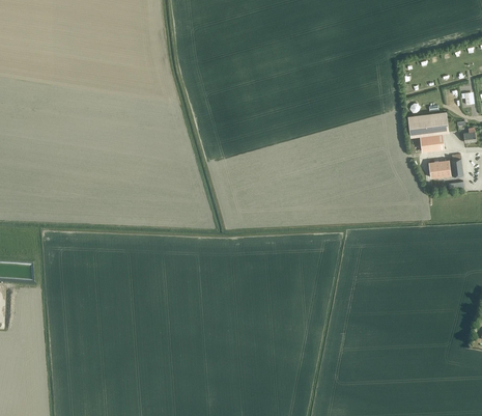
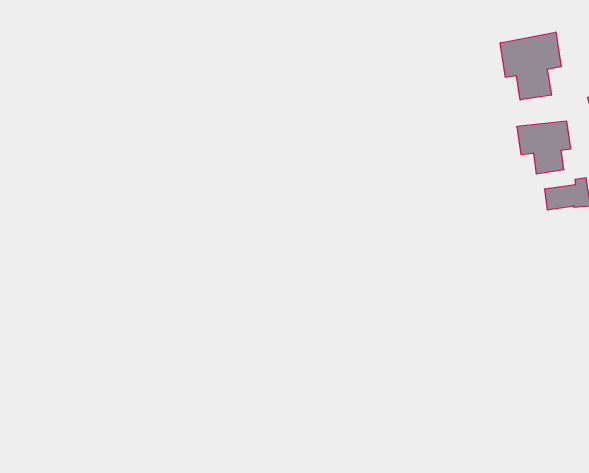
building: none -> [500,32,561,100]

